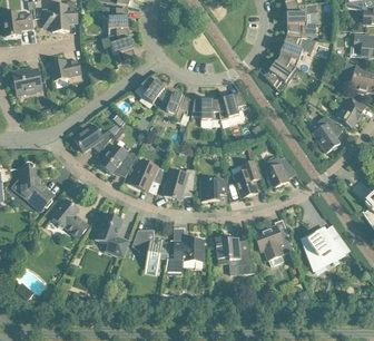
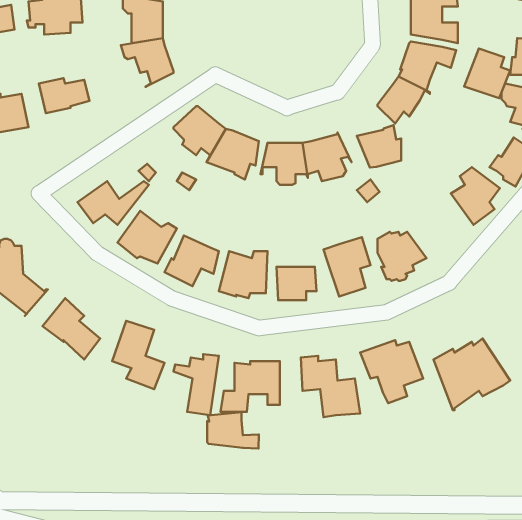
building: none -> [464,49,510,98]
building: none -> [357,125,401,167]
building: none -> [207,412,259,449]

